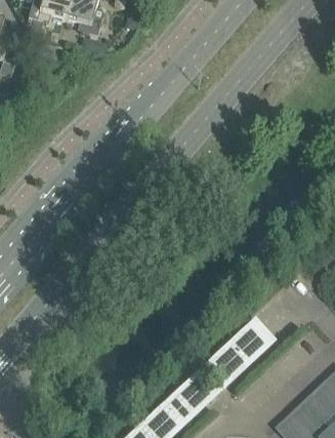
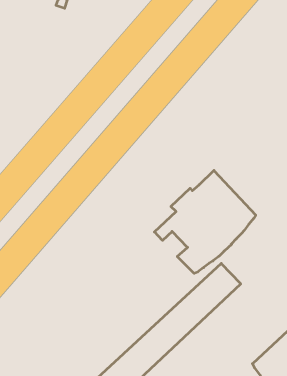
building: none -> [154,170,256,273]

